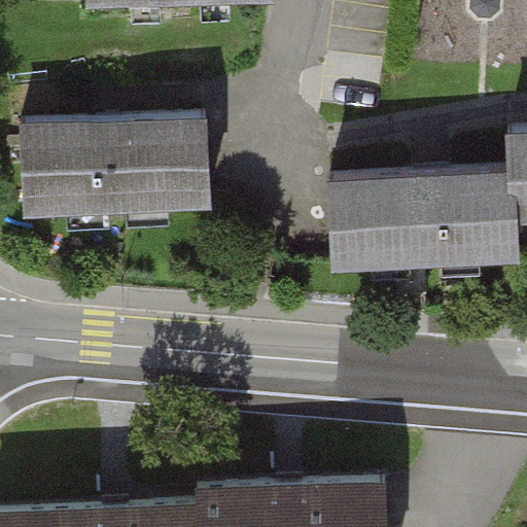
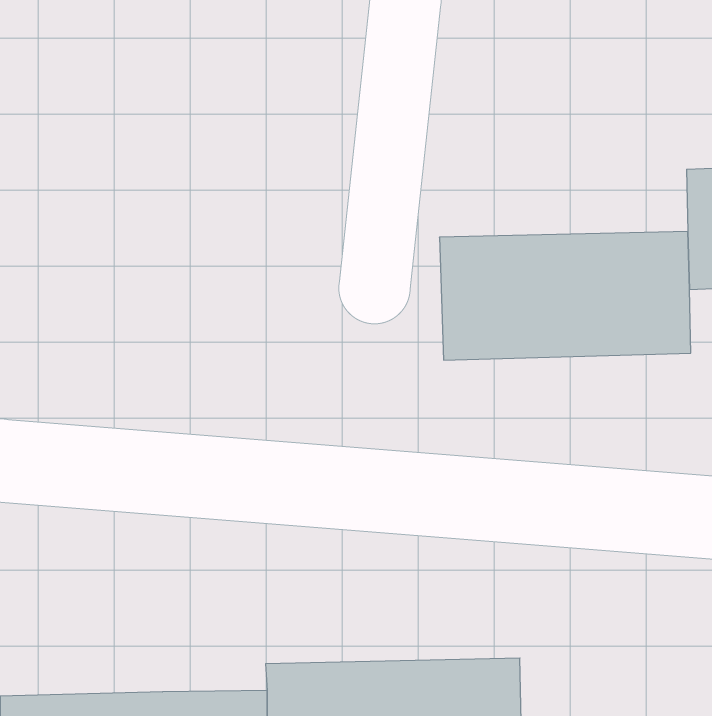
building: [24,116,207,210] -> none

